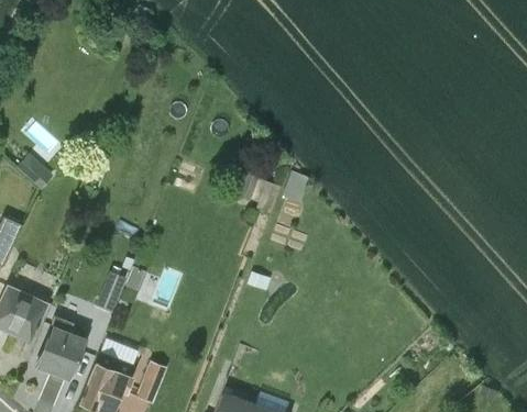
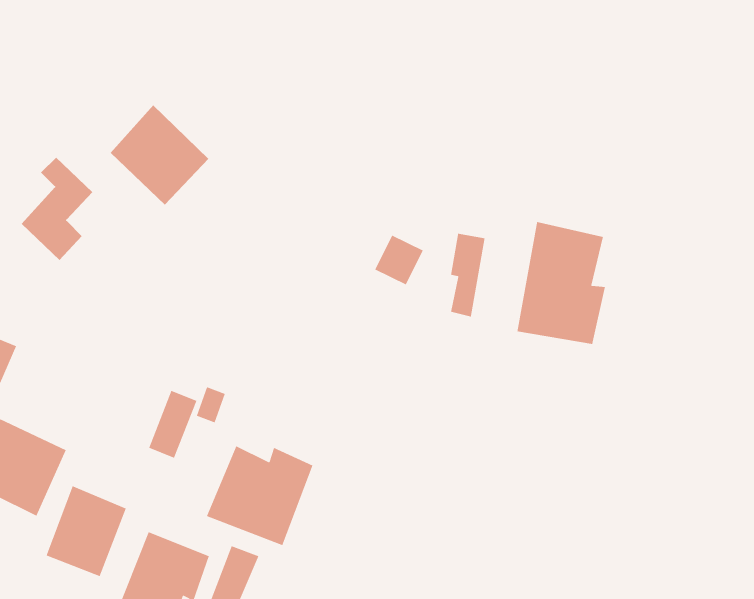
building: none -> [110,105,209,205]
building: none -> [517,221,606,345]
building: none -> [206,445,313,546]

